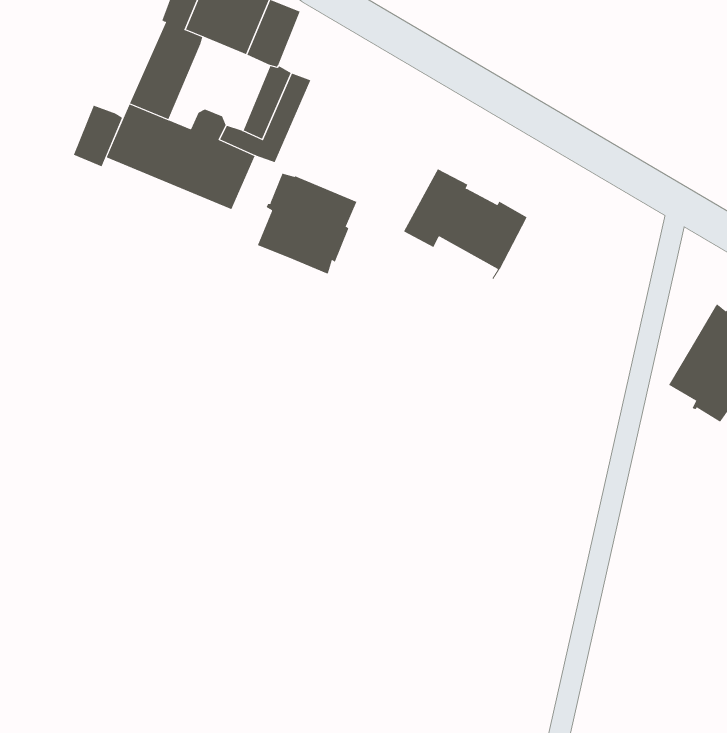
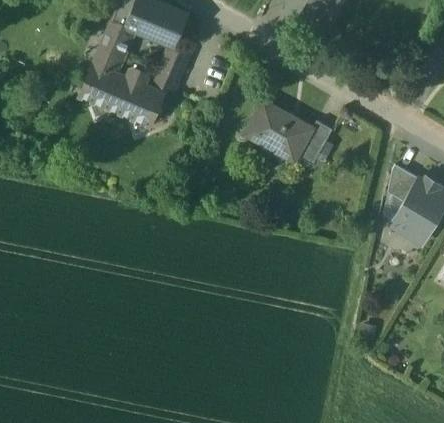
building: [73,105,122,167] -> none
building: [257,173,357,274] -> none
building: none -> [298,123,330,164]
building: none -> [387,163,417,200]

